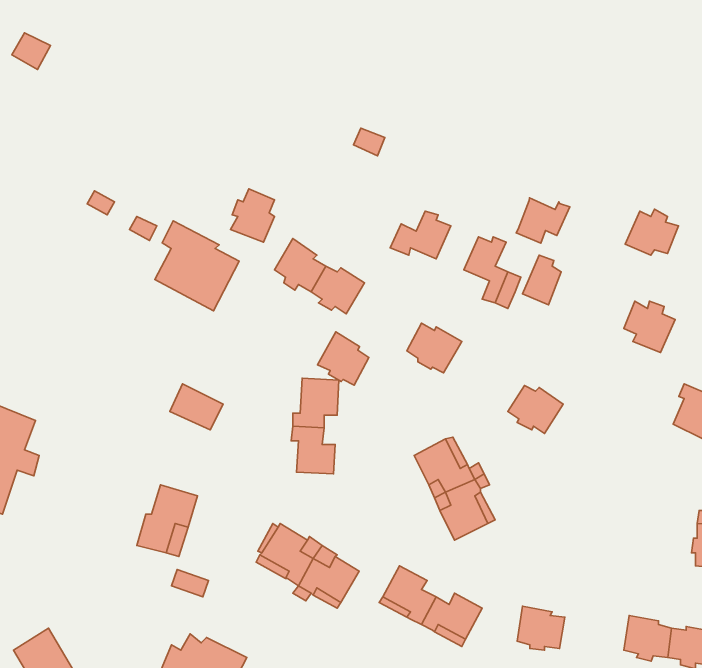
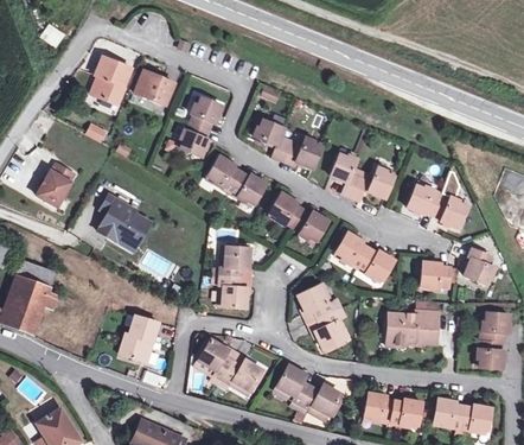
building: none -> [88,58,130,107]
building: none -> [133,75,173,108]
building: none -> [191,98,222,131]
building: none -> [251,120,289,161]
building: [516,198,570,243] -> none
building: [625,209,678,255] -> [405,185,440,215]
building: [155,221,239,311] -> [94,193,148,252]
building: none -> [36,164,74,206]
building: [317,332,369,385] -> [269,193,302,228]
building: none -> [334,234,369,267]
building: none -> [420,260,448,287]
building: none -> [385,312,437,349]
building: none -> [391,399,422,427]

